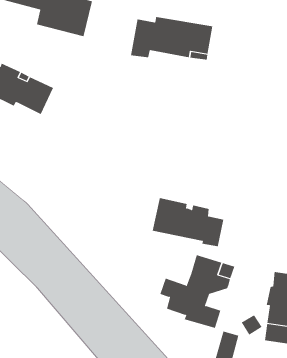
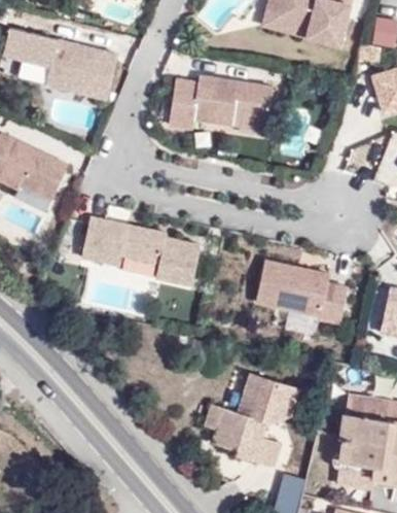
building: none -> [79,213,202,284]
building: [152,197,224,247] -> [254,259,346,321]

